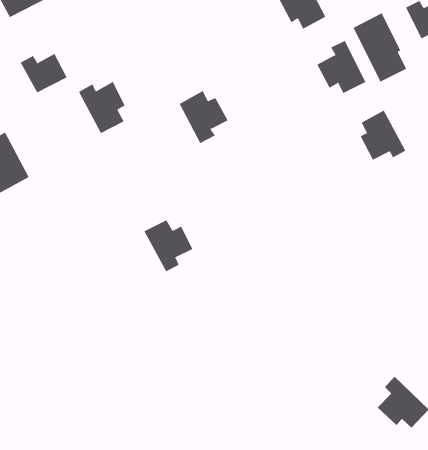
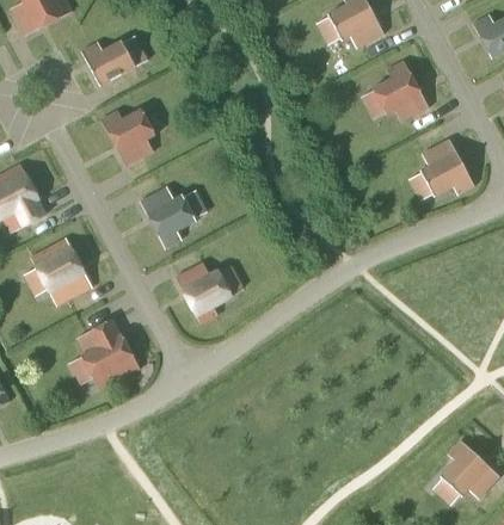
building: [353,12,407,82] -> none
building: [20,53,67,93] -> [81,39,135,85]
building: [179,90,228,144] -> [140,185,196,246]
building: none -> [30,237,92,307]
building: none -> [78,320,139,389]

